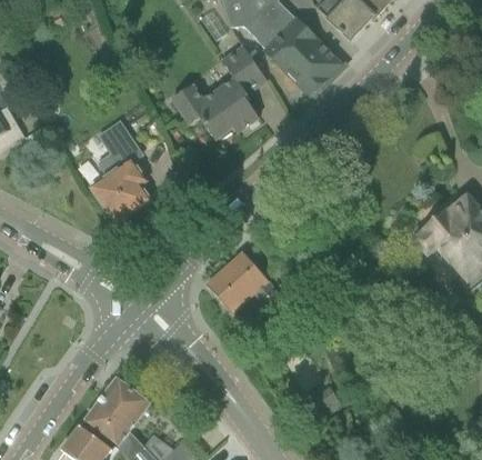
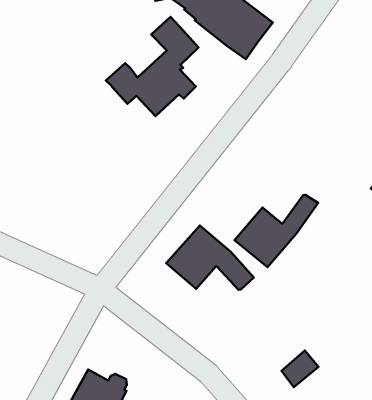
building: [91,120,149,221] -> none
building: none -> [234,195,318,267]

